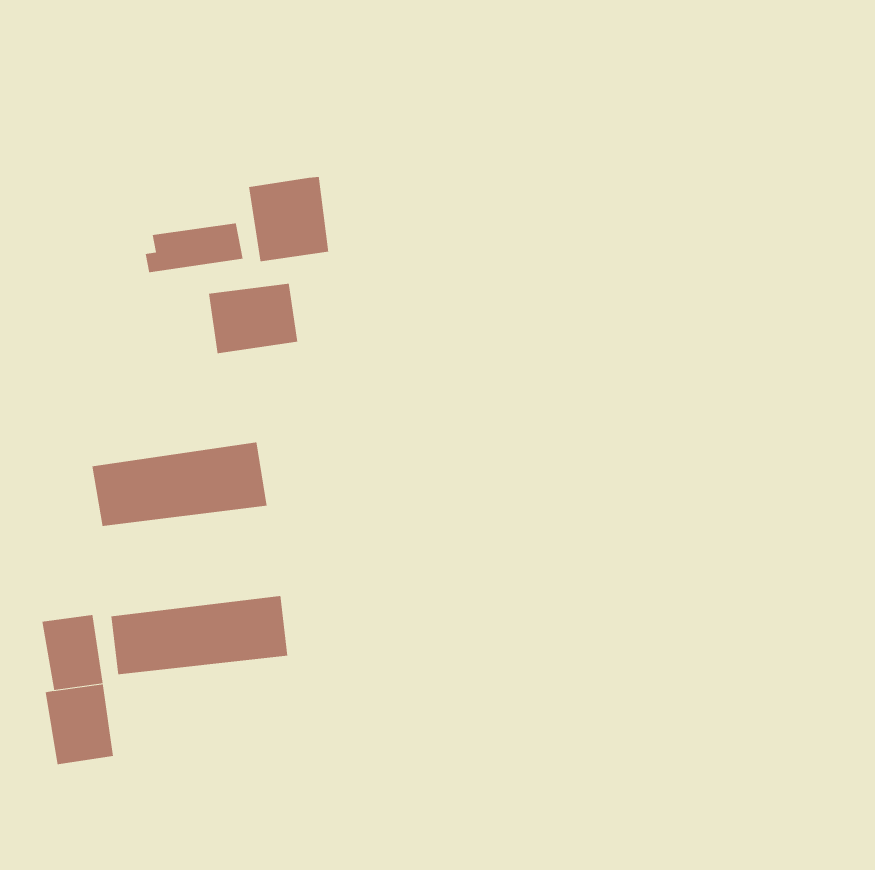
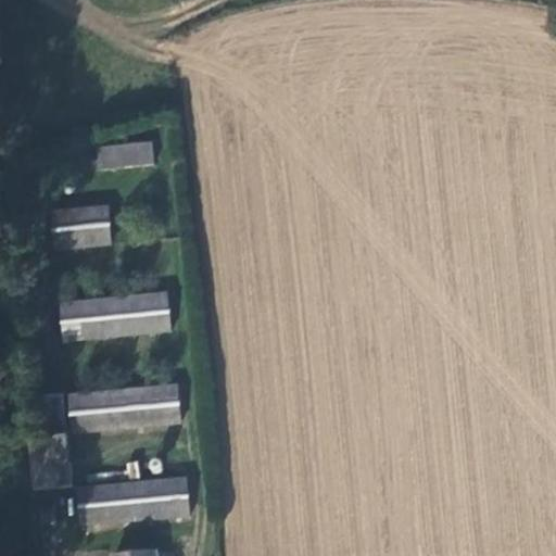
building: [248,176,329,262] -> none
building: [208,283,298,354] -> [53,215,110,260]
building: none -> [83,473,192,522]

